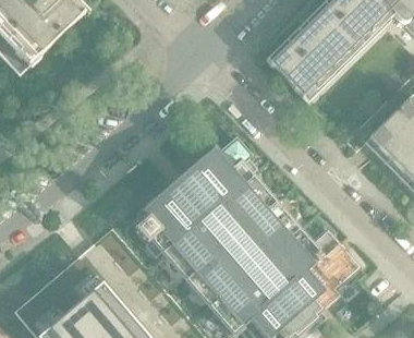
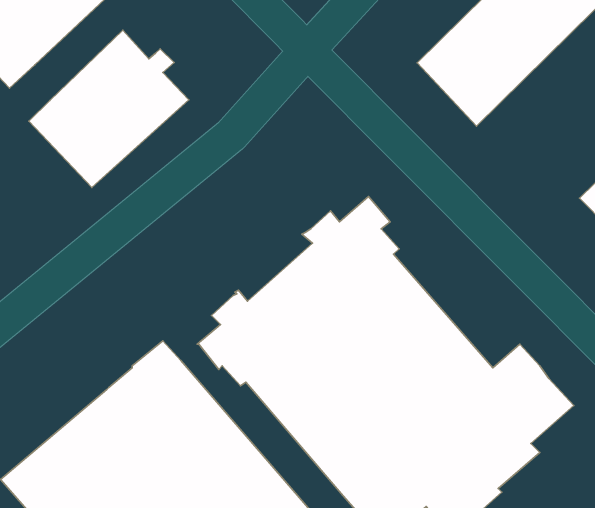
building: none -> [29,30,189,187]

